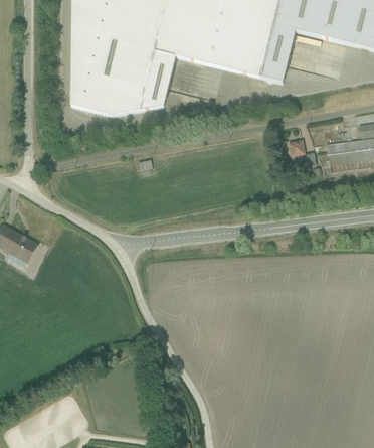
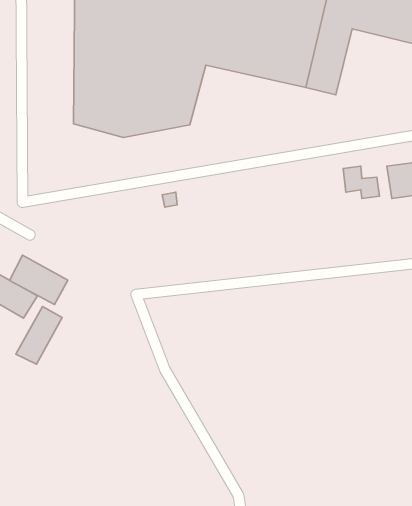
building: none -> [10,255,68,304]
building: none -> [16,306,62,364]

